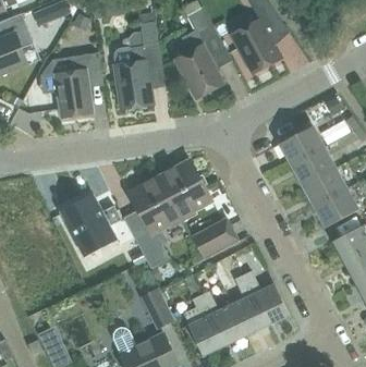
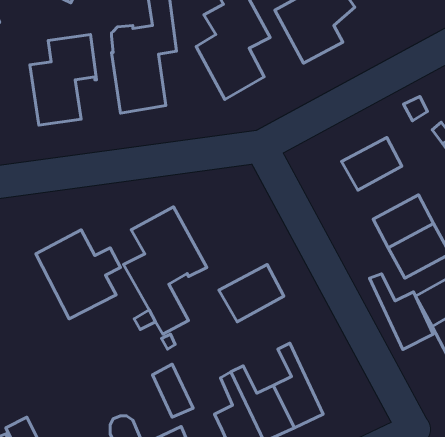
building: [291,147,334,185] -> none
building: [158,159,211,220] -> none
building: [242,271,288,326] -> [370,274,433,349]

